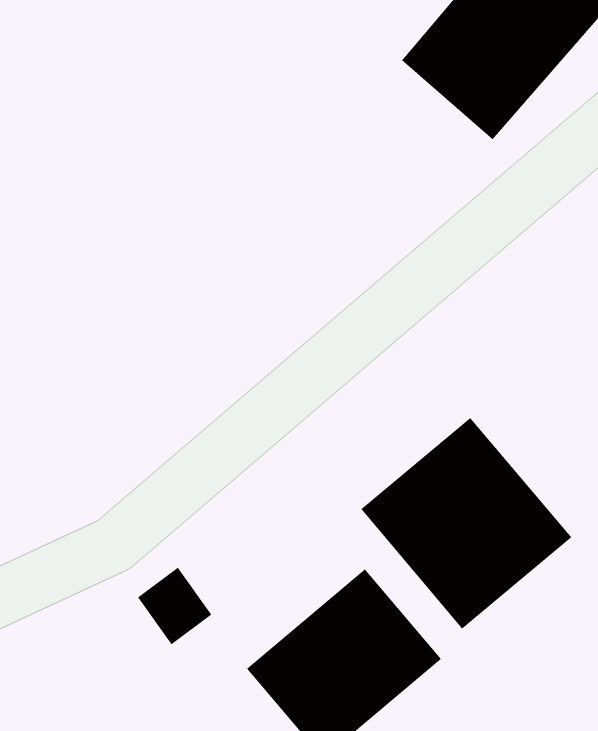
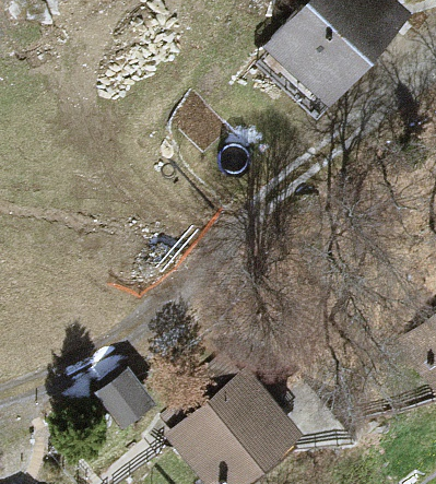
building: [361,417,572,630] -> none

